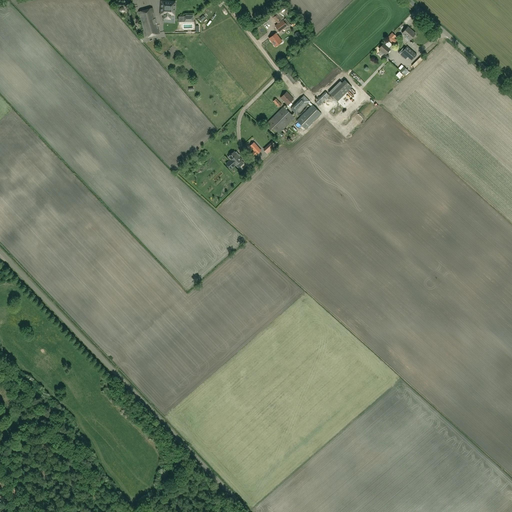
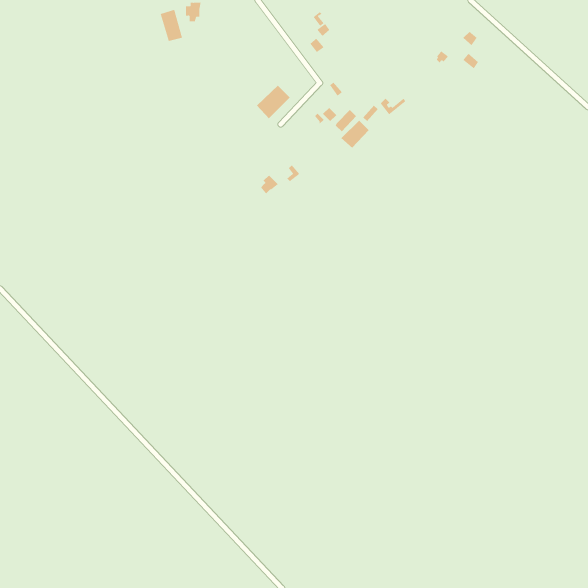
building: [265,106,295,136] -> [256,85,291,119]

